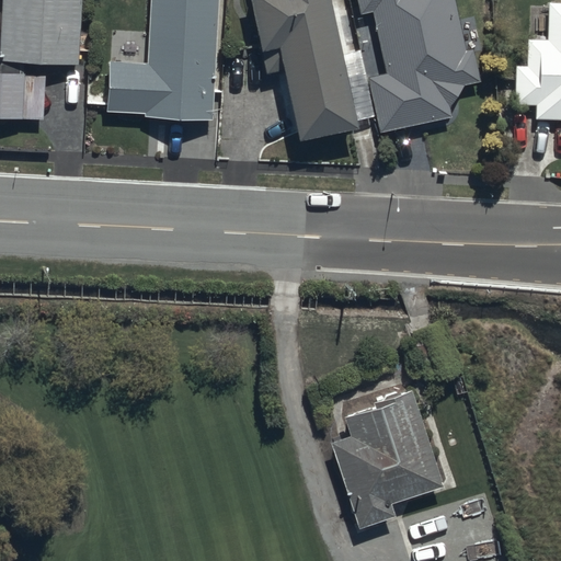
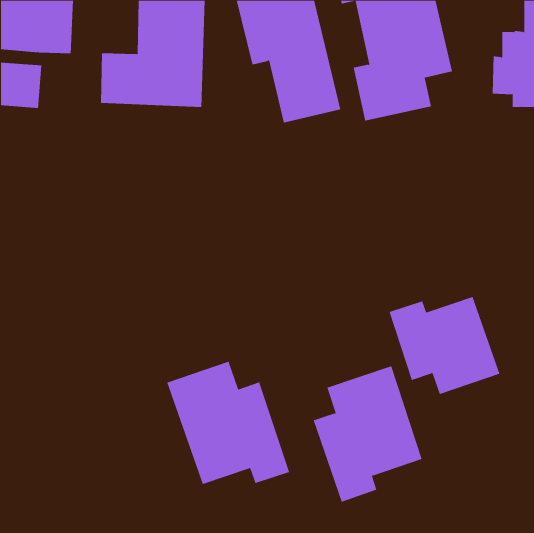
building: none -> [389,296,500,395]
building: none -> [167,361,290,485]

